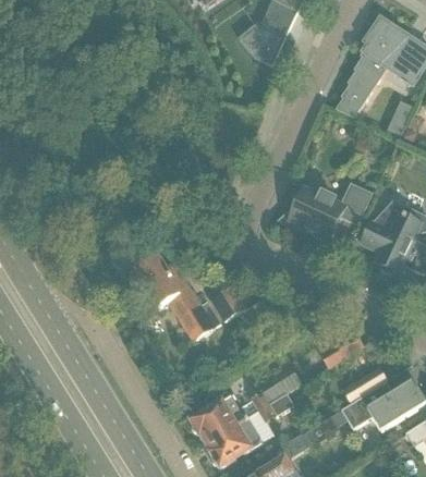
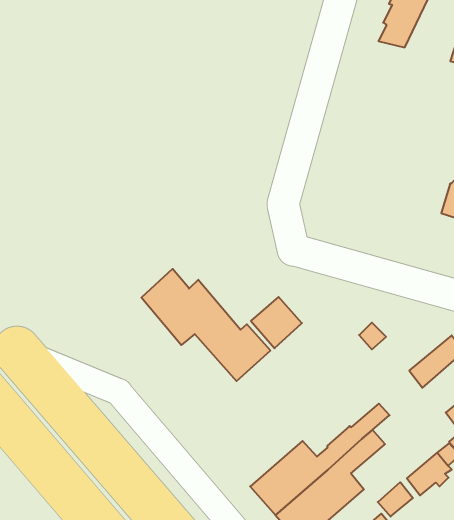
building: [281,184,372,241] -> none

